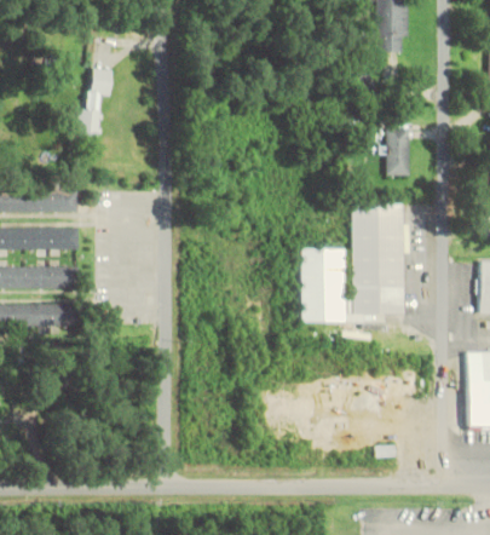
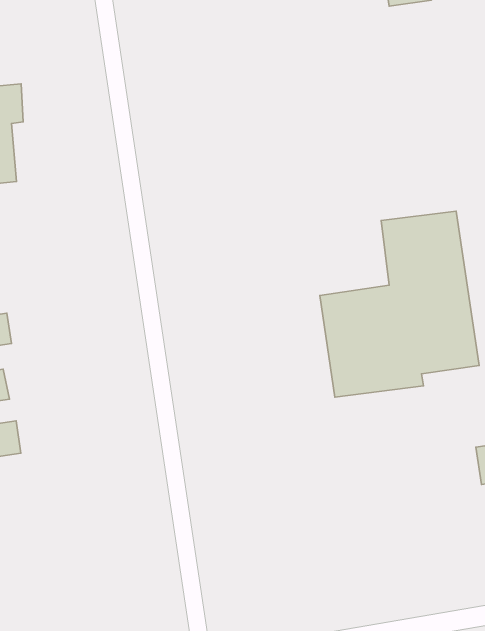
building: [386,128,409,174] -> none

